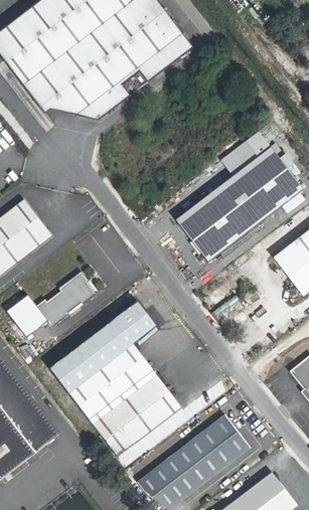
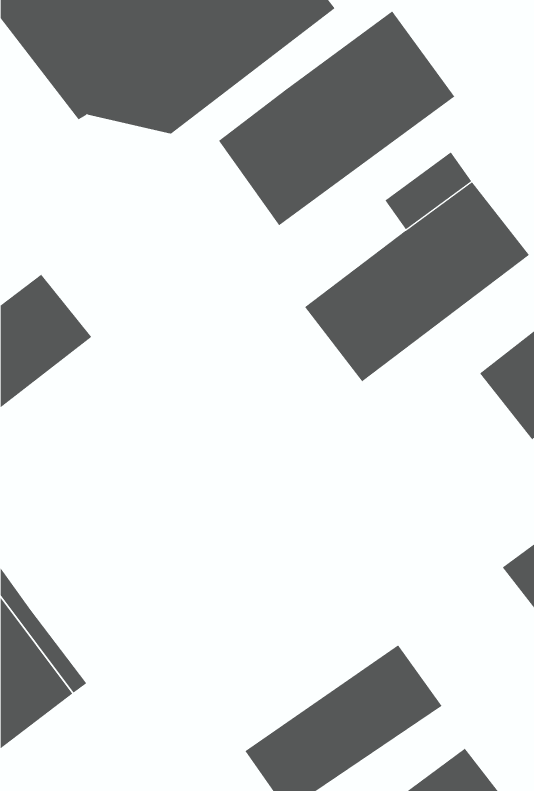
building: none -> [218,10,455,226]
building: [10,270,100,335] -> none
building: [48,300,182,458] -> none

